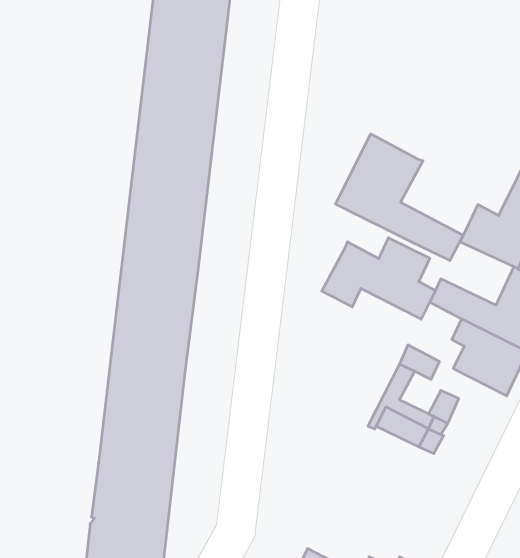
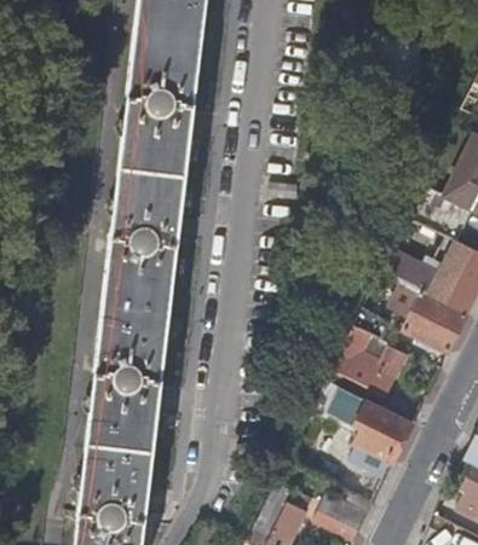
building: [336,134,463,261] -> none
building: [322,238,435,319] -> none
building: none -> [329,388,414,477]

